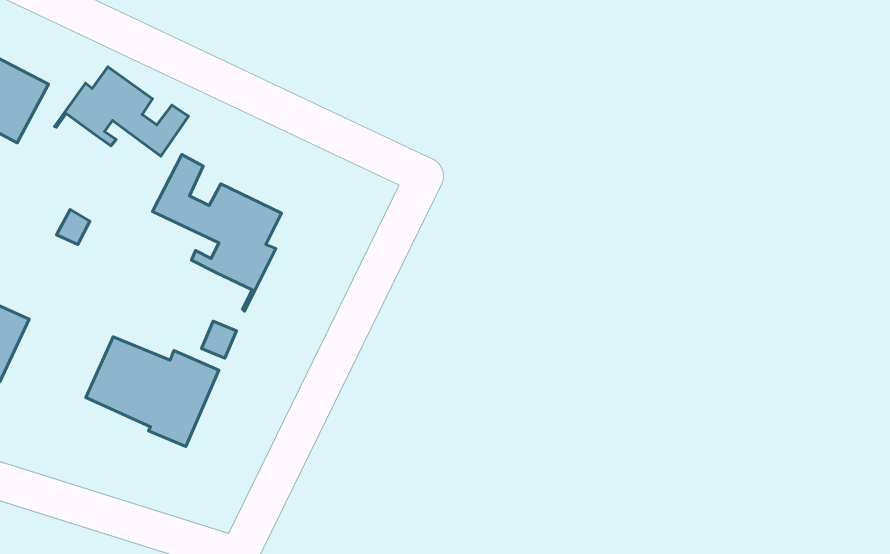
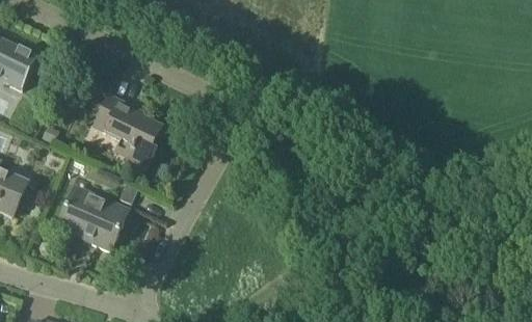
building: [54,67,189,156] -> none

